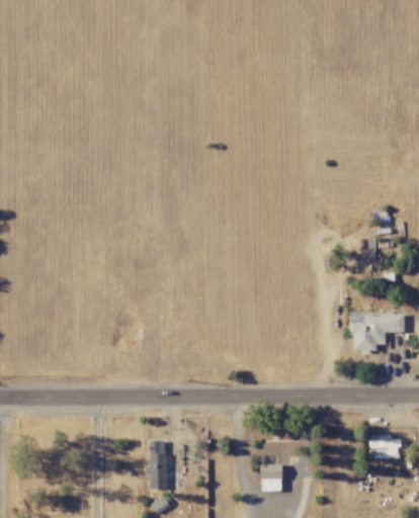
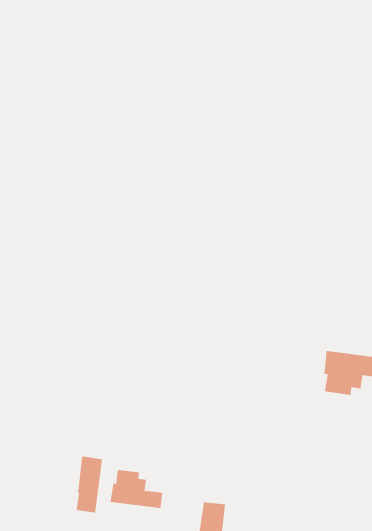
building: [370,434,400,458] -> none
building: none -> [110,469,163,509]

